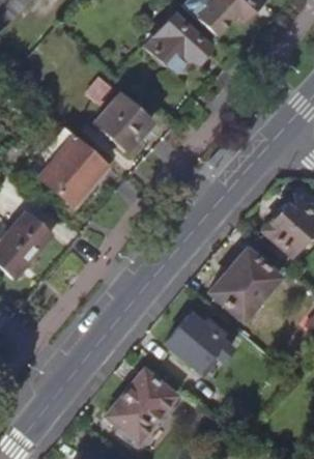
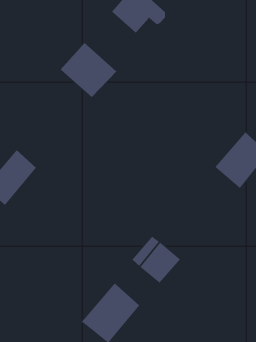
building: [46,127,109,207] -> none
building: [209,251,278,320] -> none

